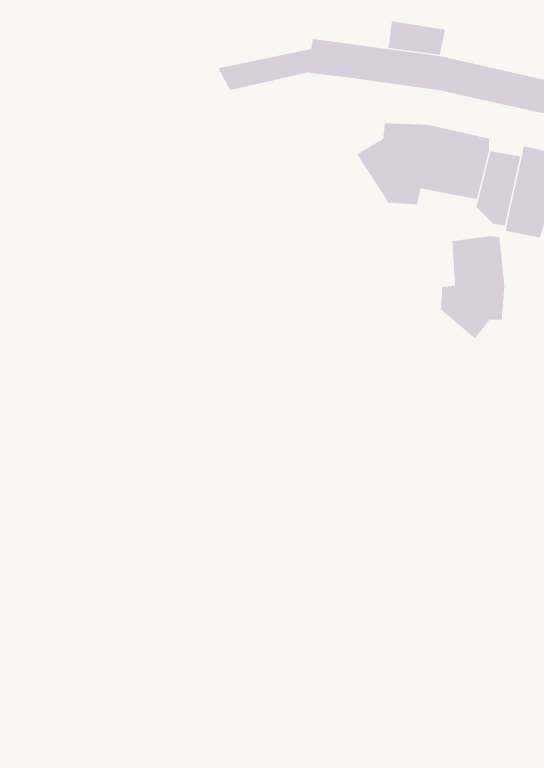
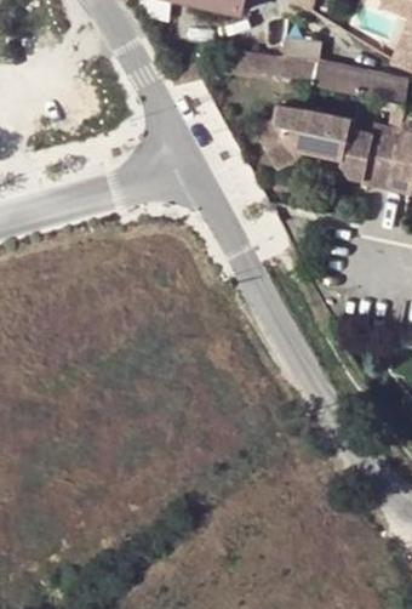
building: [440,235,505,339] -> none

